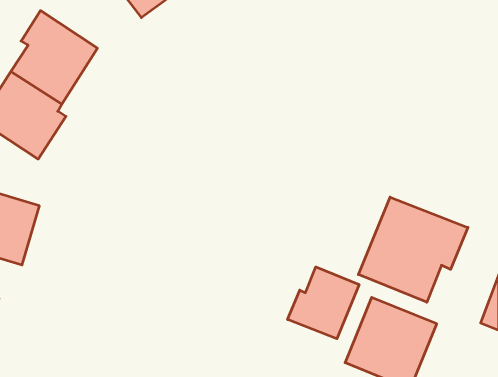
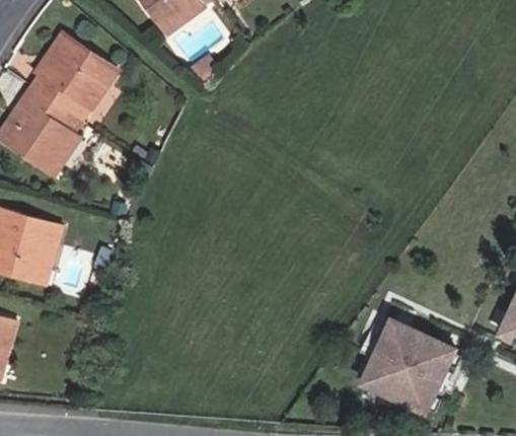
building: [358,197,468,302] -> none
building: [288,267,359,339] -> none

